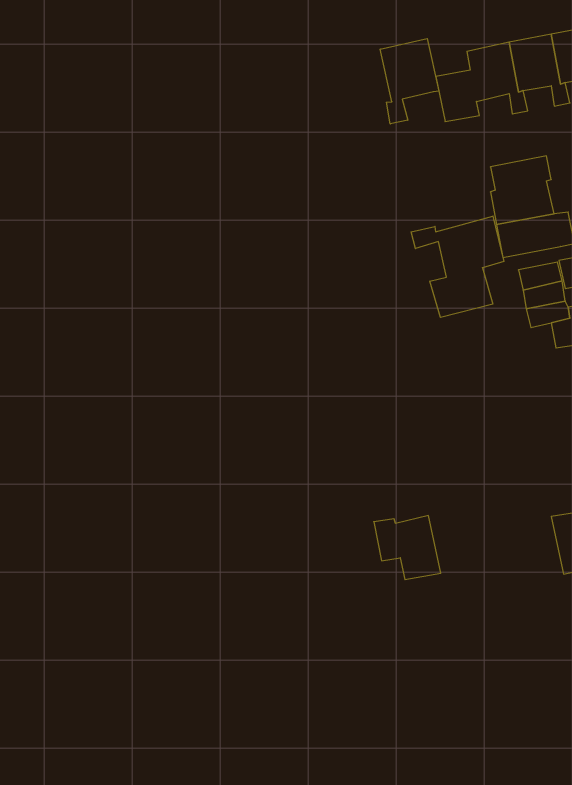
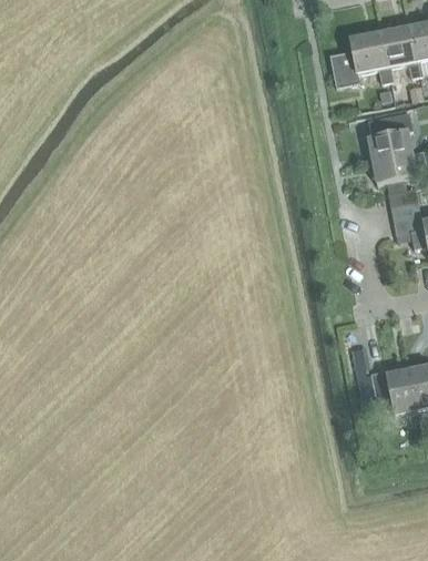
building: [380,39,439,124] -> none
building: [411,216,504,317] -> none
building: [374,516,441,580] -> [371,367,419,412]

